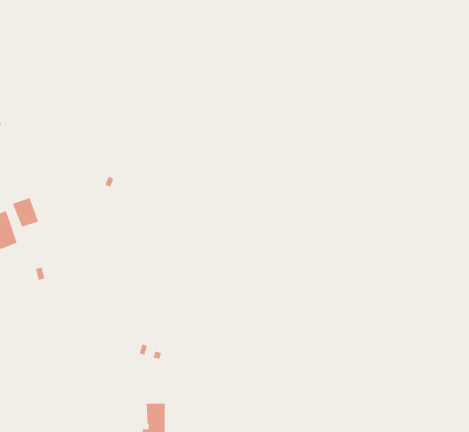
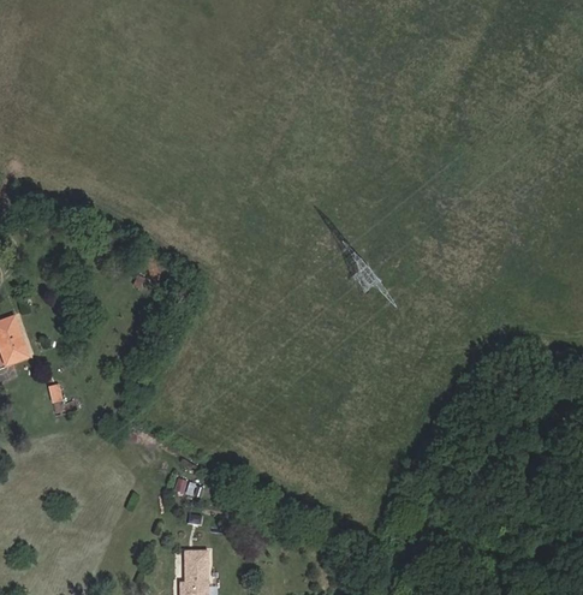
building: [12,197,39,228] -> none

